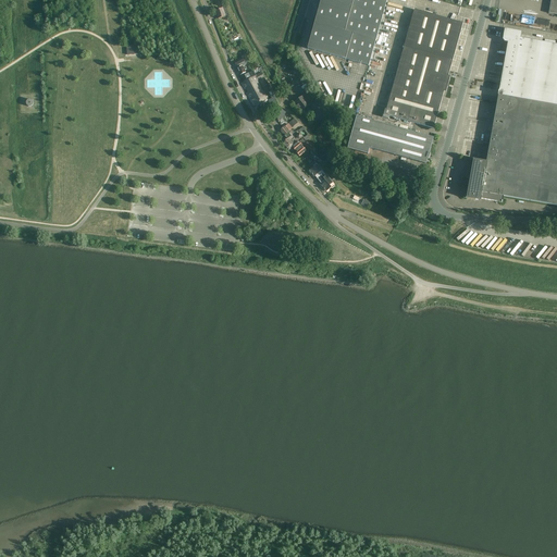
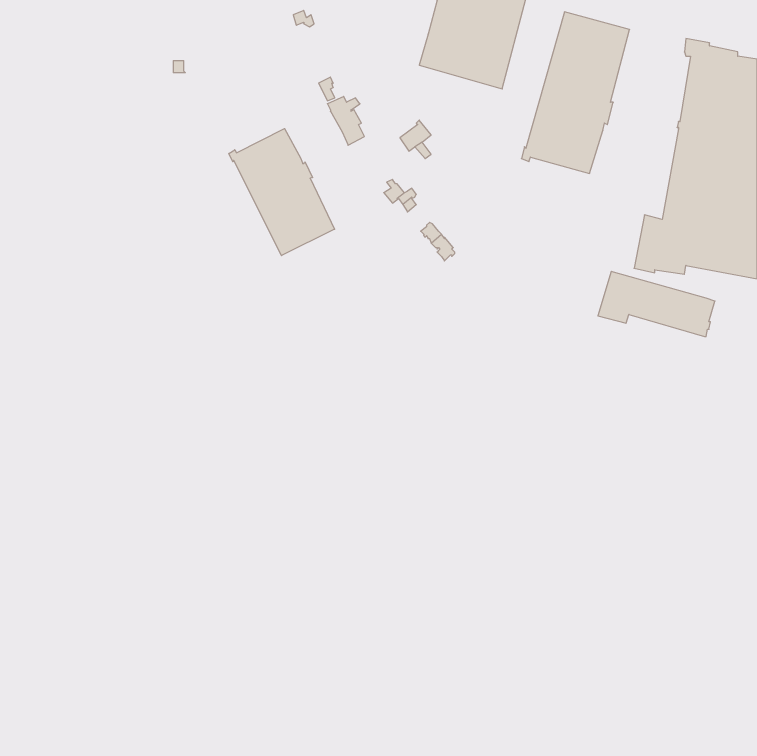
building: none -> [229,129,335,256]
building: [347,115,433,163] -> [598,271,715,337]

